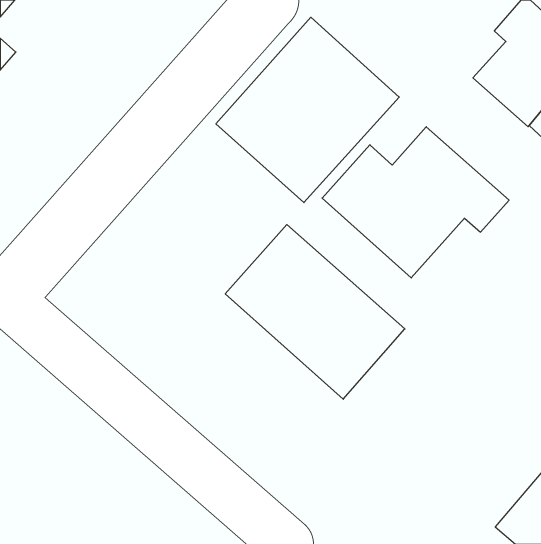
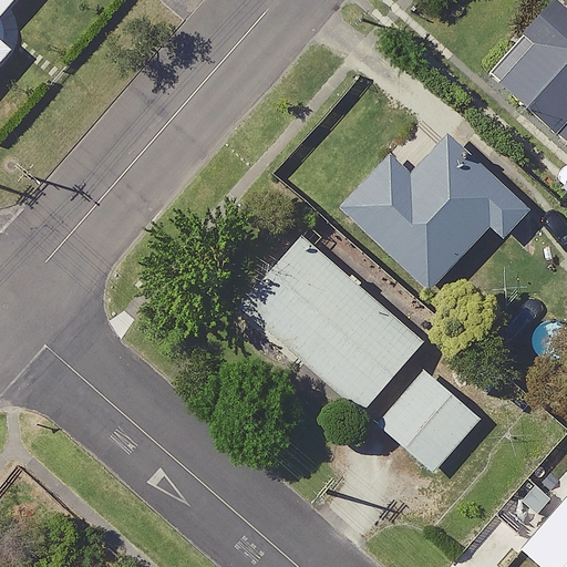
building: [216,17,399,203] -> none
building: none -> [374,370,482,475]

